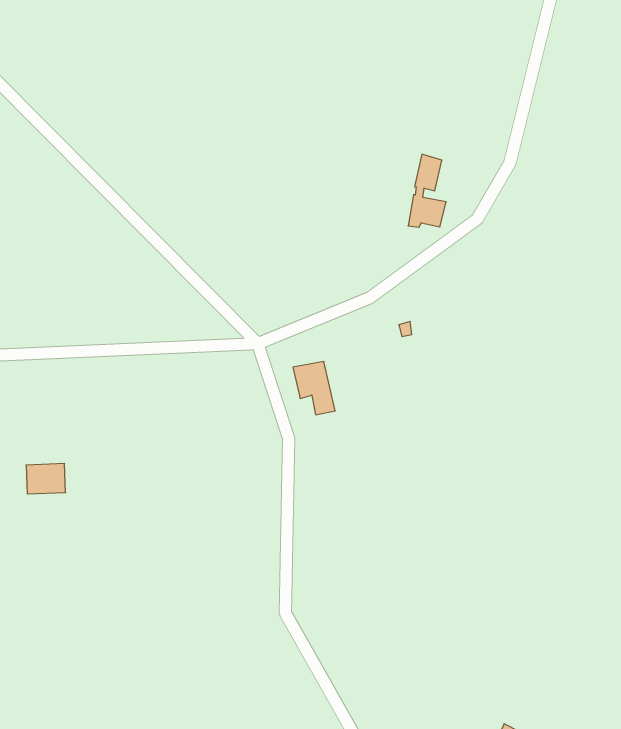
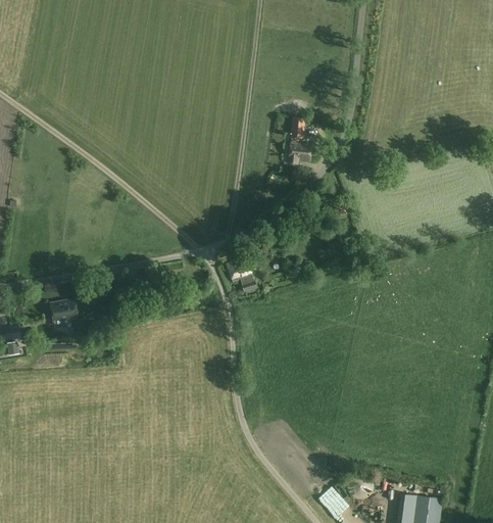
building: [26,464,66,494] -> [50,299,78,322]

